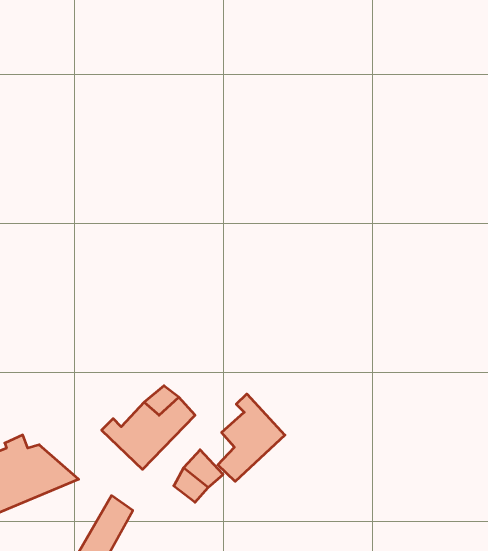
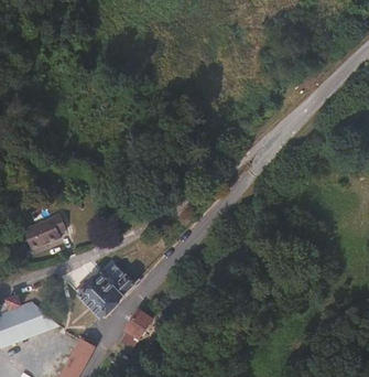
building: none -> [19,213,67,250]
building: [218,394,285,481] -> none

